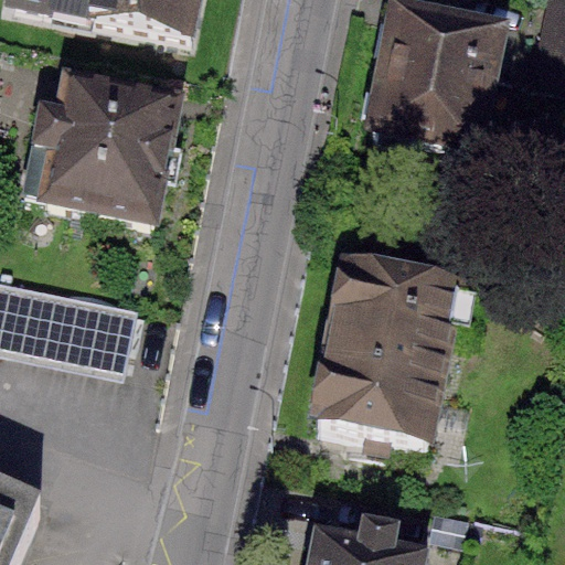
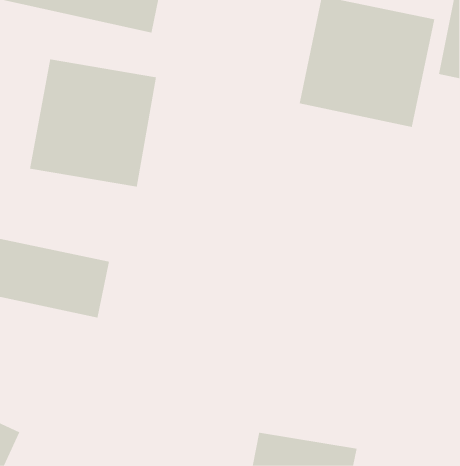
building: [311,281,459,429] -> none

